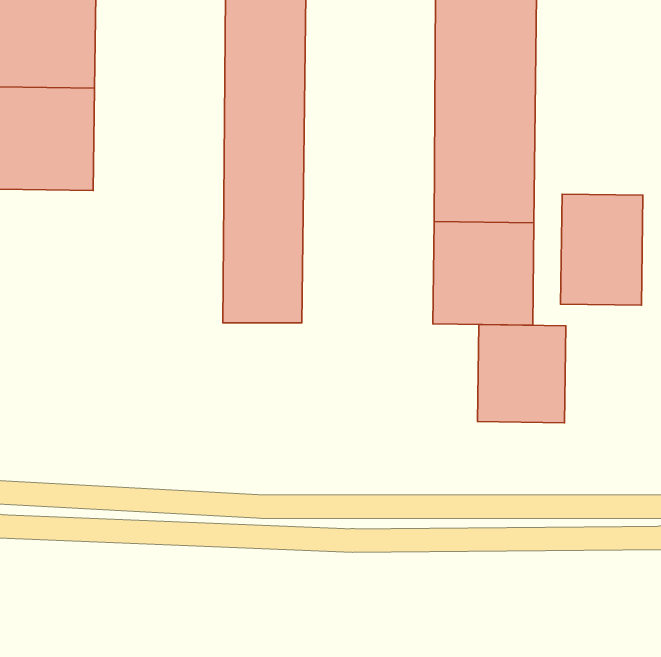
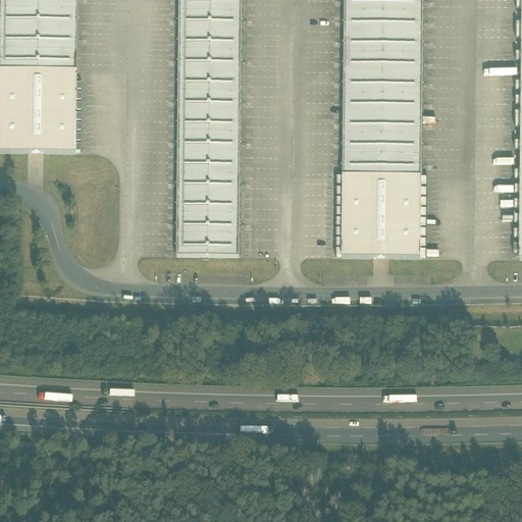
building: [561,194,643,305] -> none
building: [477,325,566,423] -> none

